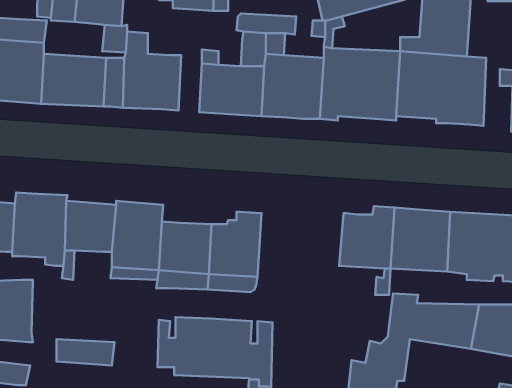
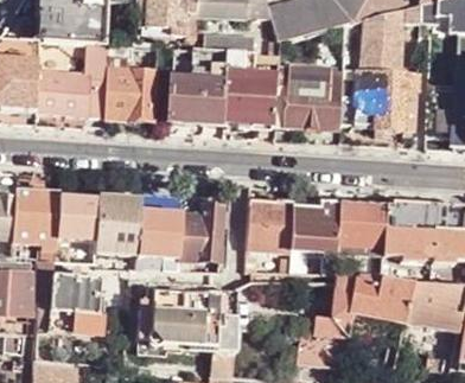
building: none -> [248,199,295,251]
building: none -> [50,275,101,315]

